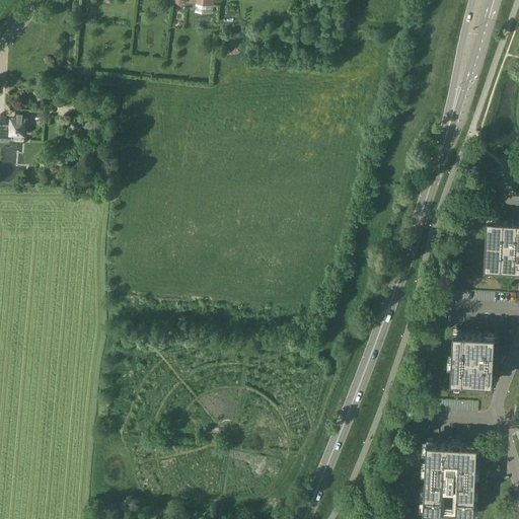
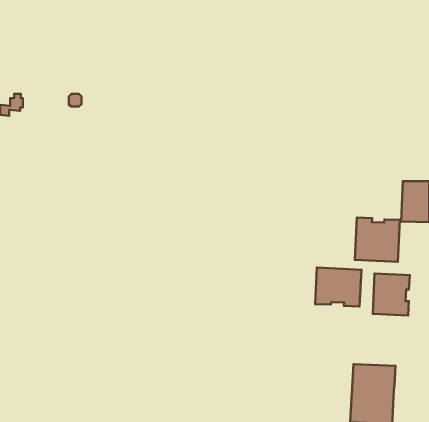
building: none -> [355,218,400,262]
building: none -> [315,267,361,306]

